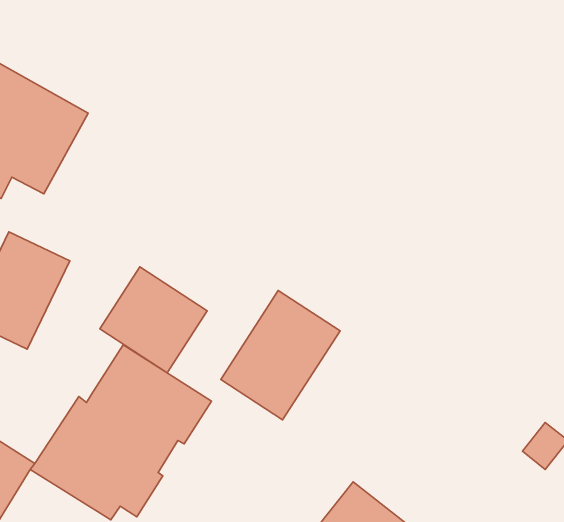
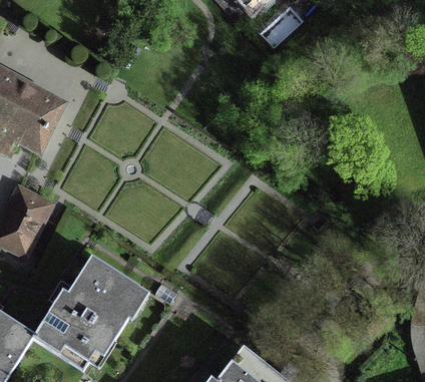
building: [100,267,207,373] -> none
building: [221,290,340,420] -> none

